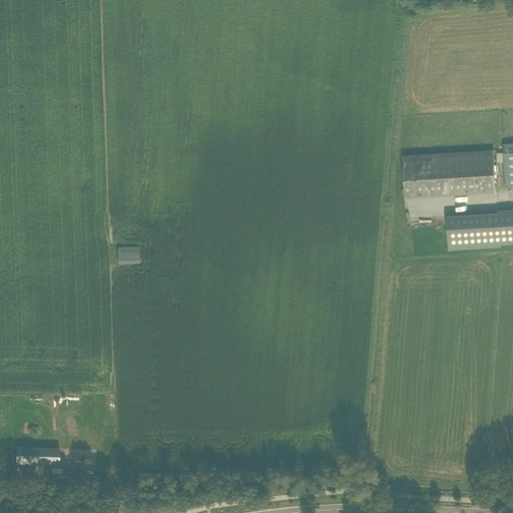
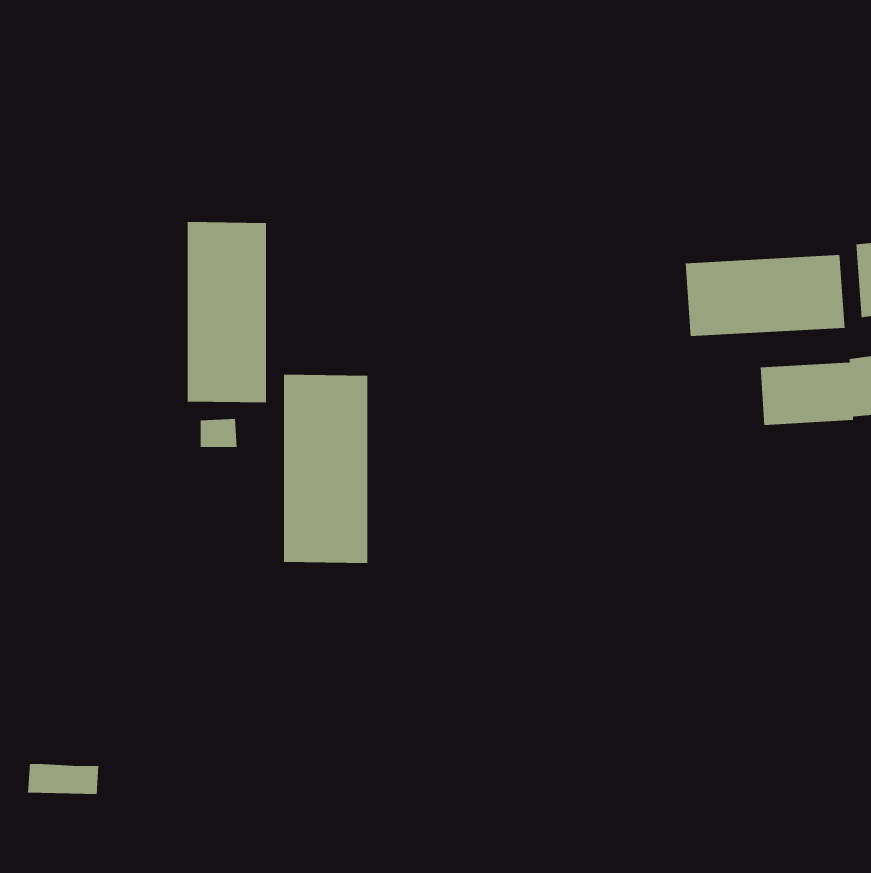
building: none -> [187,221,267,403]
building: none -> [283,374,368,564]

